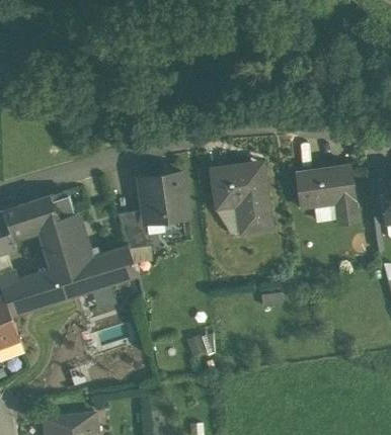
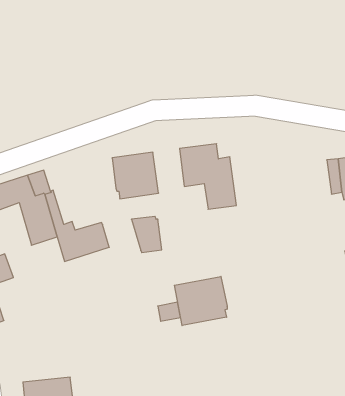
building: [296,167,359,226] -> none
building: [119,211,151,250] -> [131,216,162,253]
building: [25,263,89,307] -> none
building: none -> [174,276,227,326]

